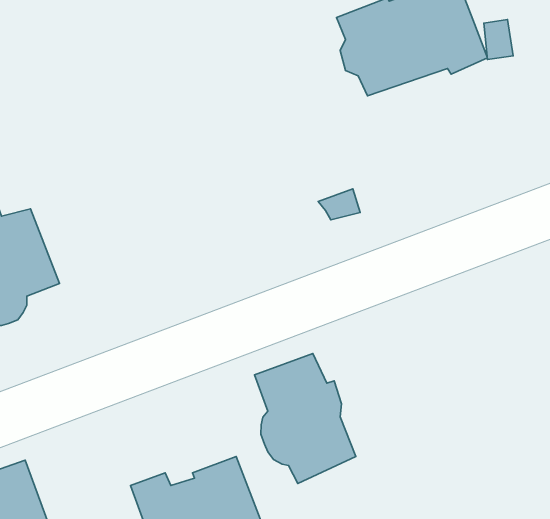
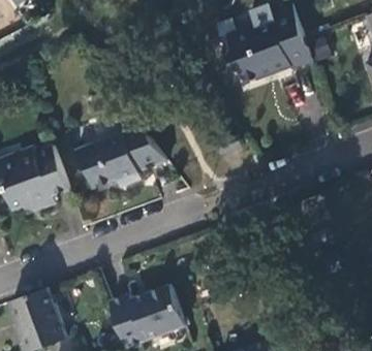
building: none -> [72,126,167,188]
building: [254,353,356,483] -> none

